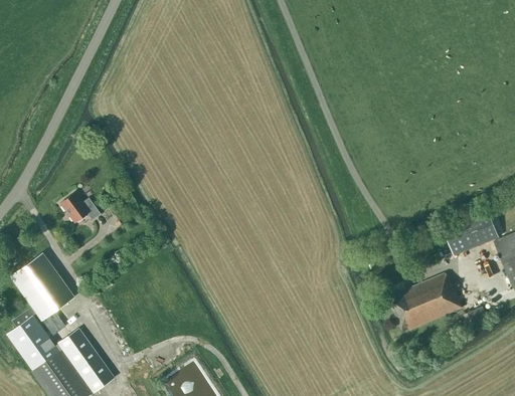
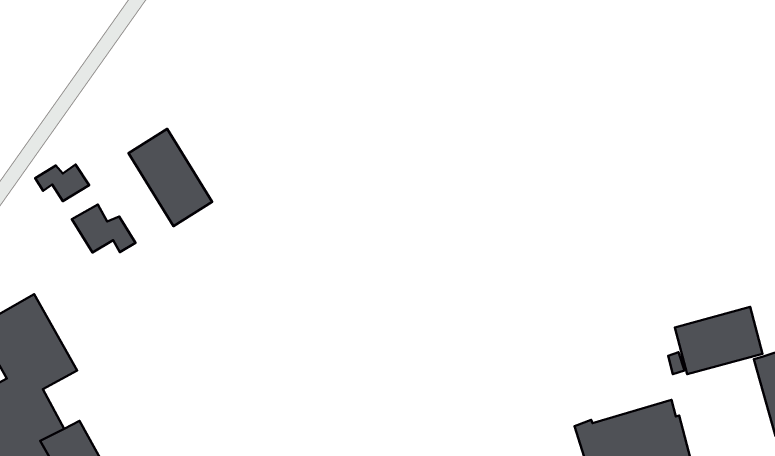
building: none -> [129,129,212,226]
building: none -> [35,165,89,201]

